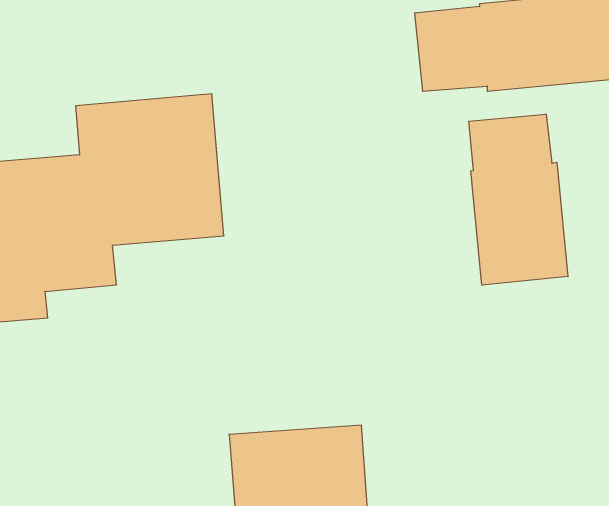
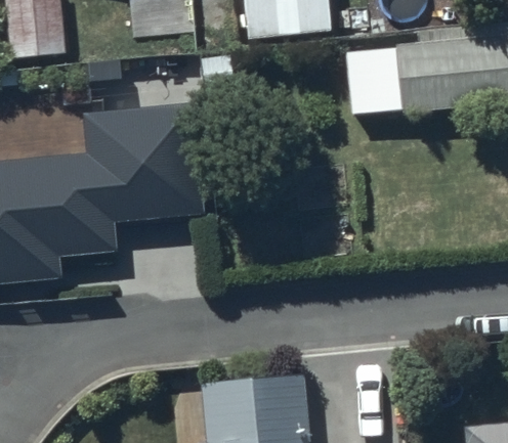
building: [469,114,568,285] -> none

